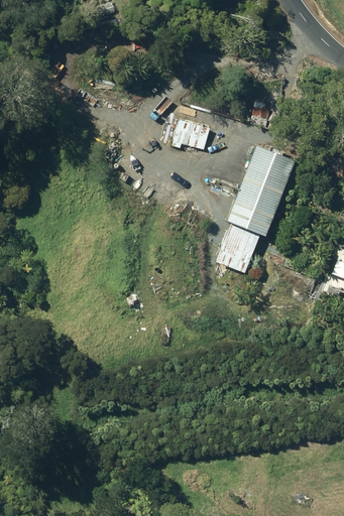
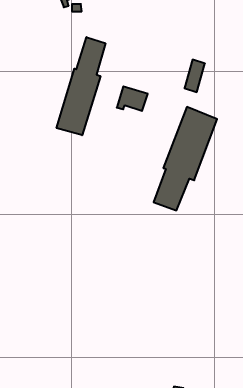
building: none -> [57,37,105,135]

